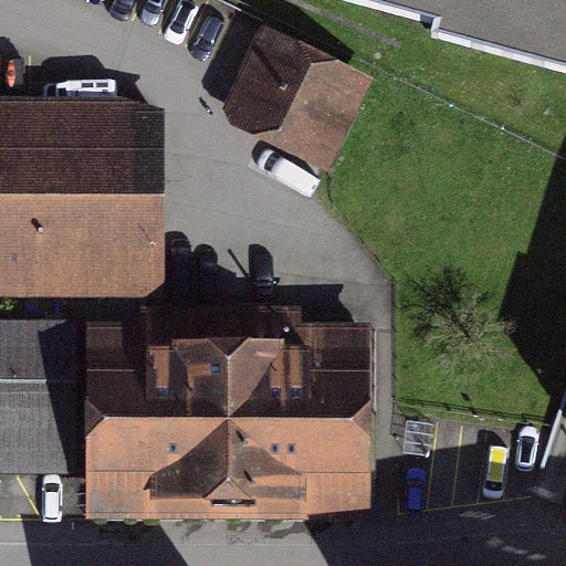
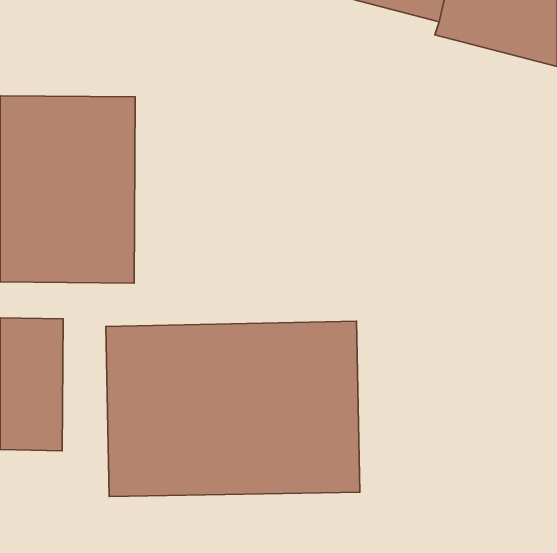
building: [220,27,374,175] -> none

